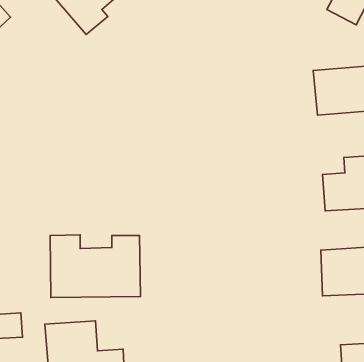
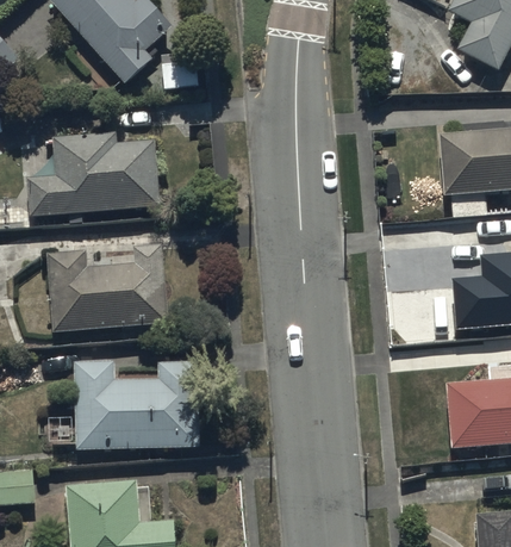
building: none -> [25,132,160,216]
building: none -> [46,244,167,331]

